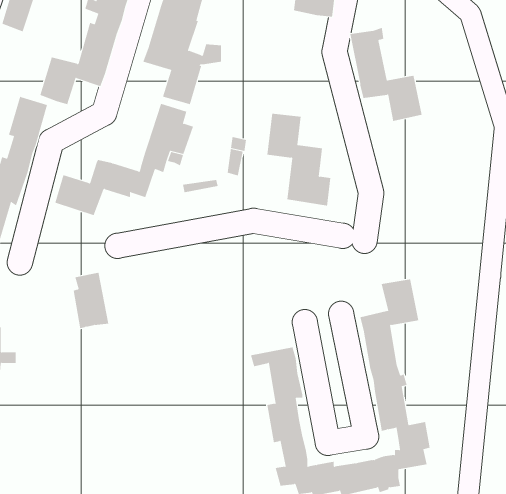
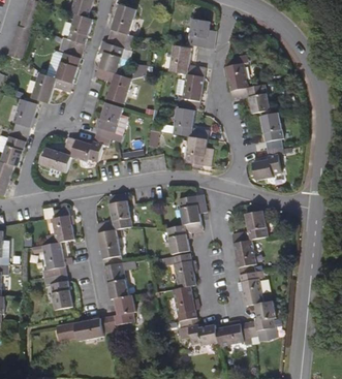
building: none -> [170,44,205,107]
building: none -> [252,112,290,180]
building: none -> [166,193,206,253]
building: none -> [56,199,136,339]
building: none -> [41,241,73,309]

